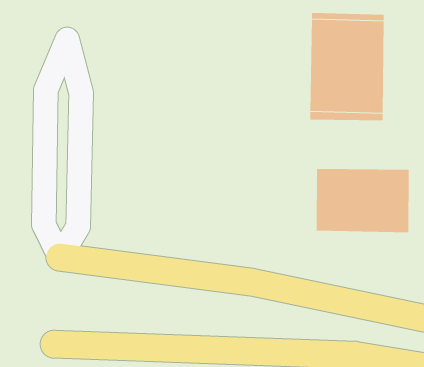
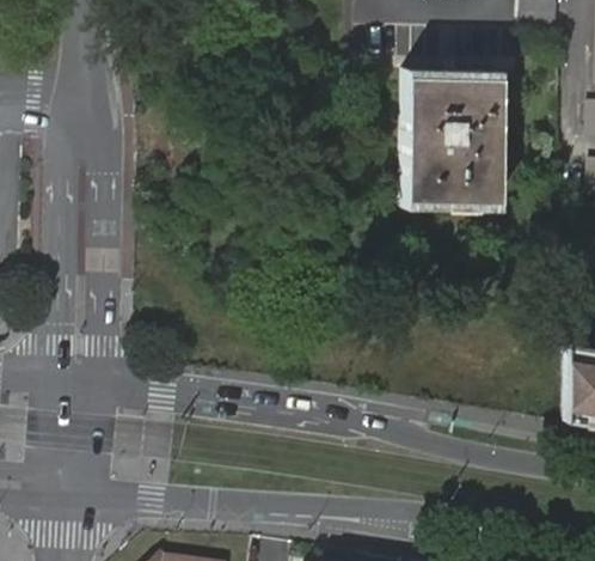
building: [316,168,409,233] -> none

